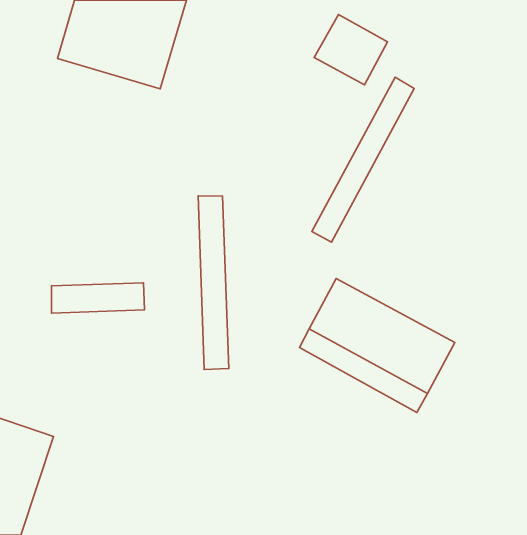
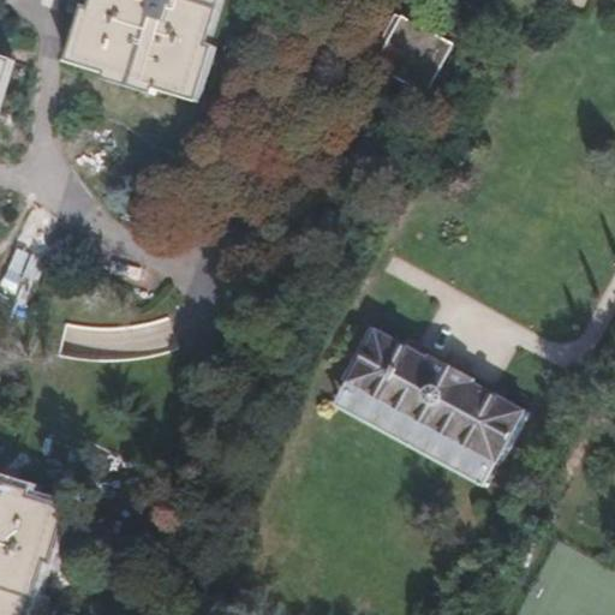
building: [312,77,414,242] -> none
building: [198,196,229,369] -> none

